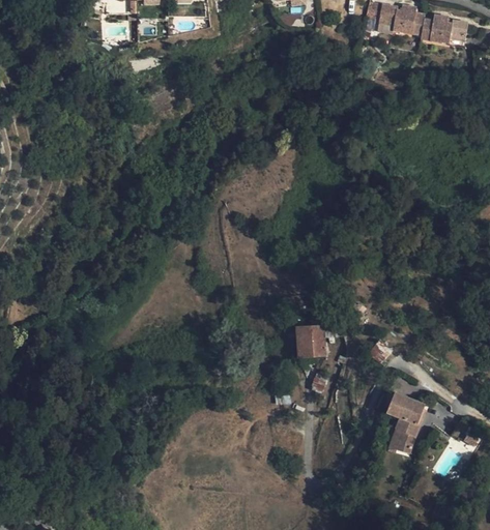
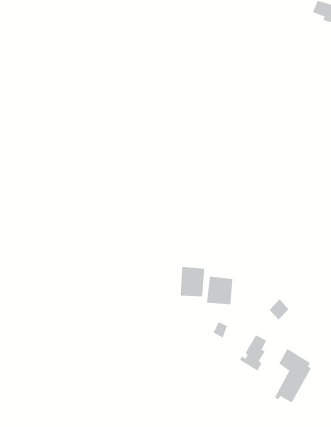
building: none -> [180,266,205,297]
building: none -> [239,334,267,371]

